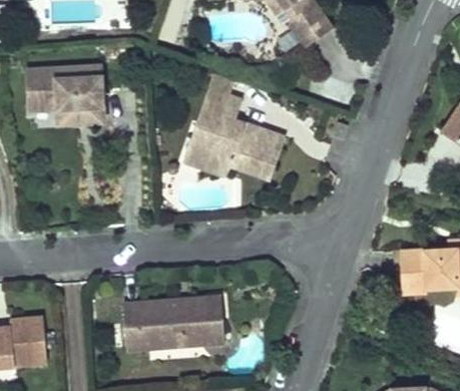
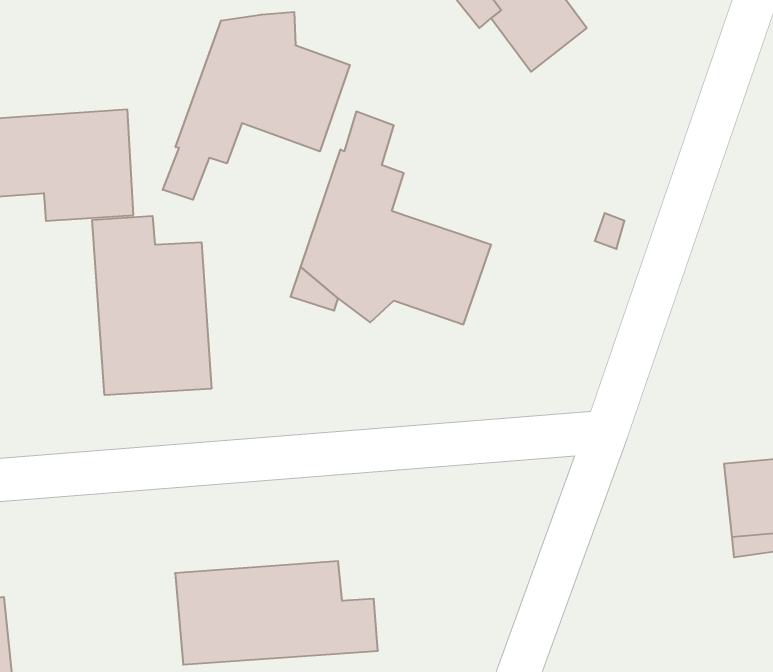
building: none -> [163,12,350,200]
building: none -> [92,216,211,395]

